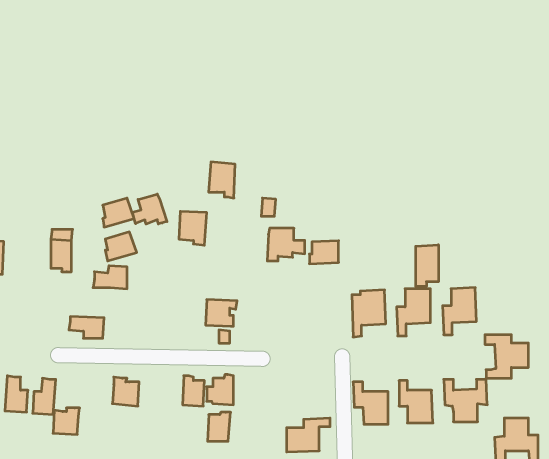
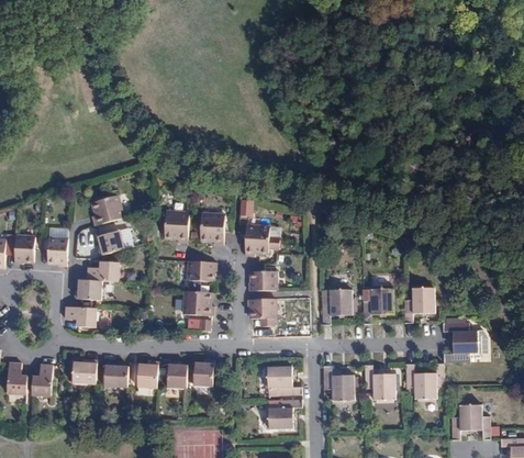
building: [209,162,235,198] -> [200,212,224,245]
building: [132,194,167,224] -> none
building: none -> [14,235,35,264]
building: [309,241,339,264] -> [249,270,276,291]
building: [416,245,438,286] -> none
building: none -> [191,260,219,283]
building: none -> [75,279,102,299]
building: none -> [248,299,276,326]
building: none -> [261,368,302,400]
building: [53,408,80,434] -> [74,359,98,383]
building: [208,412,231,441] -> [138,361,159,388]

